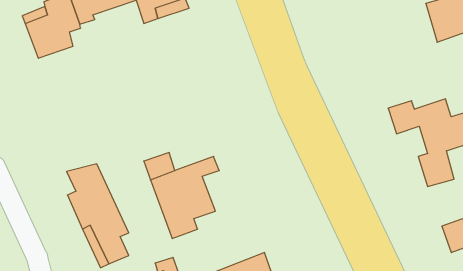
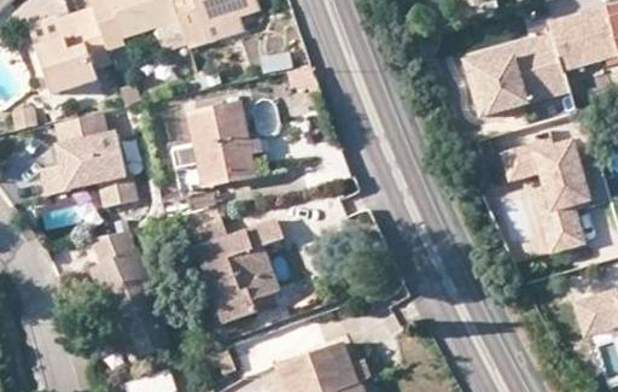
building: none -> [459,30,566,111]
building: none -> [174,104,255,188]
building: none -> [39,110,135,206]

